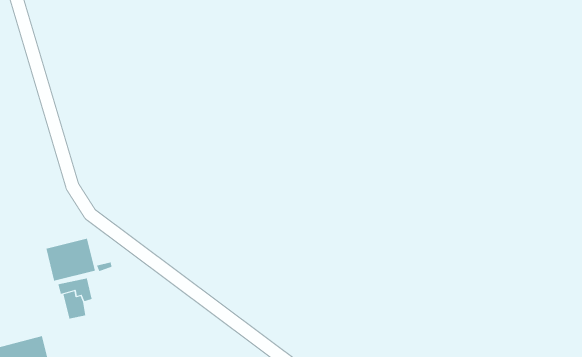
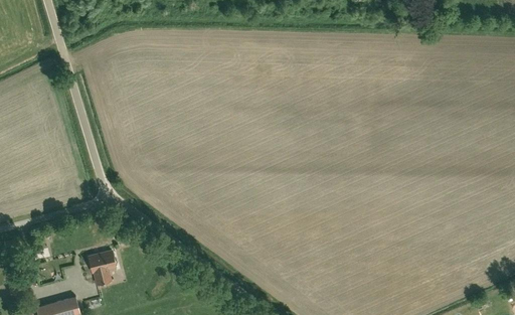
building: [46,238,96,282] -> none

